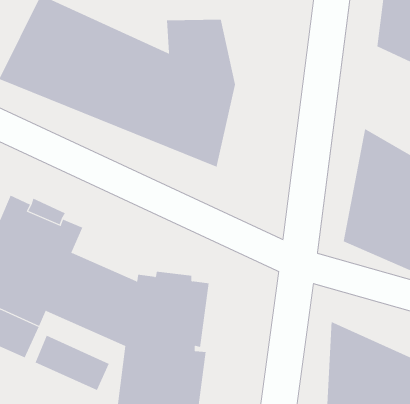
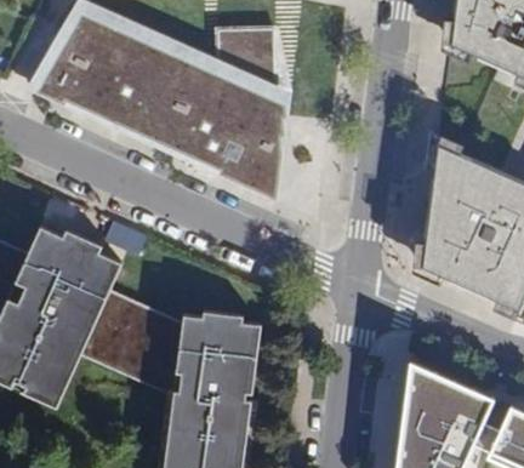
building: [35,335,109,391] -> none

